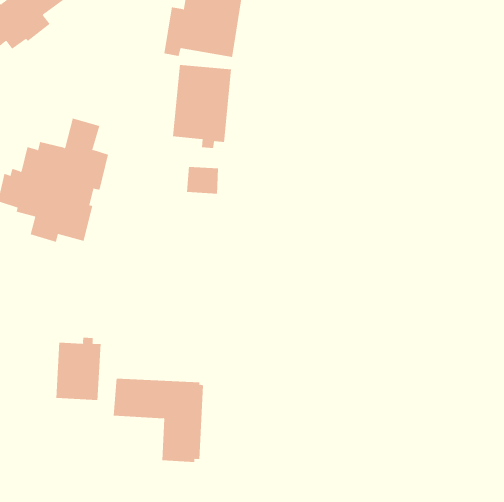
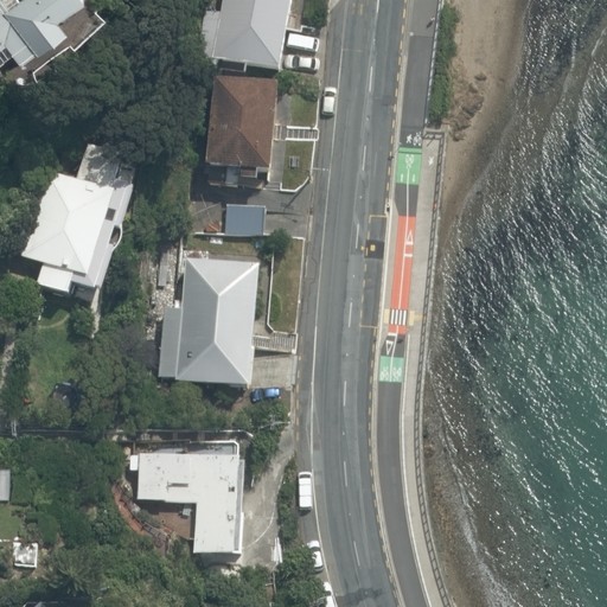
building: none -> [158,258,258,384]
building: [56,337,101,401] -> none

